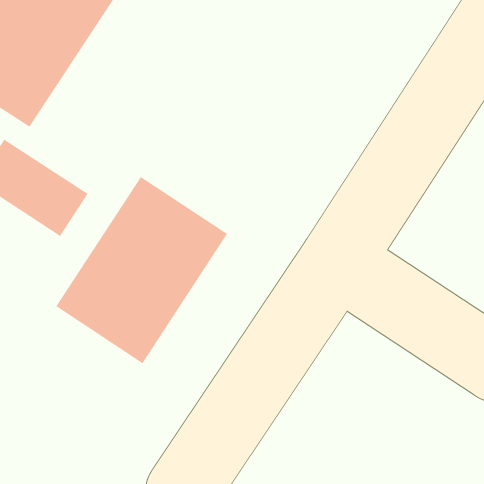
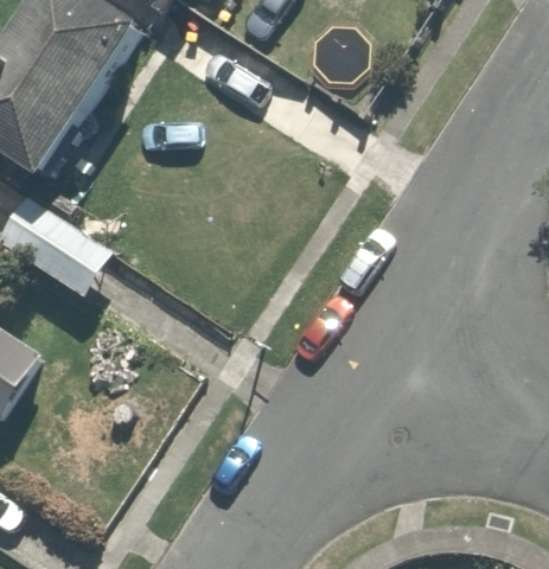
building: [56,176,228,364] -> none

